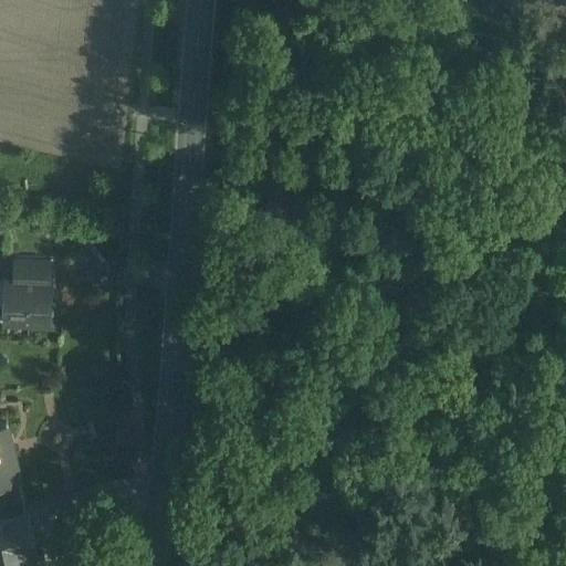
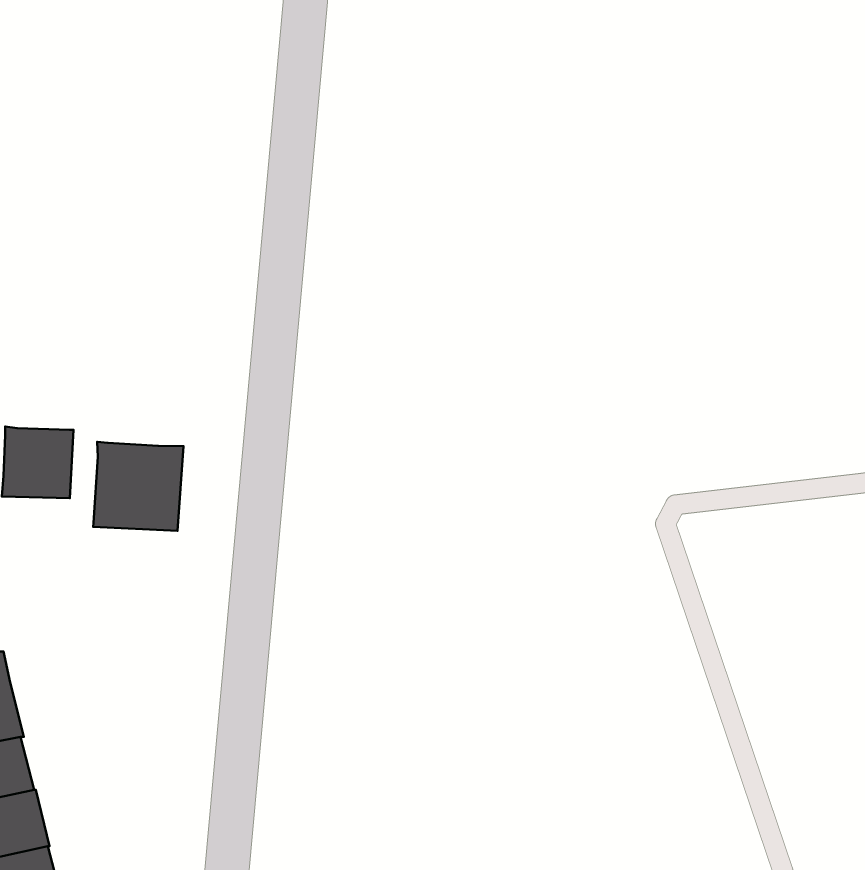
building: [11,261,46,280] -> none
building: none -> [93,442,184,531]

